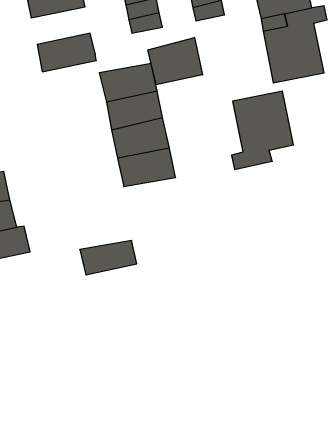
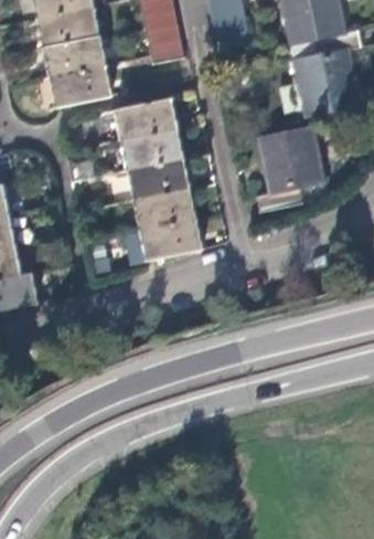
building: none -> [40,34,104,75]
building: [148,37,203,85] -> none
building: [80,240,137,275] -> [140,220,202,257]

